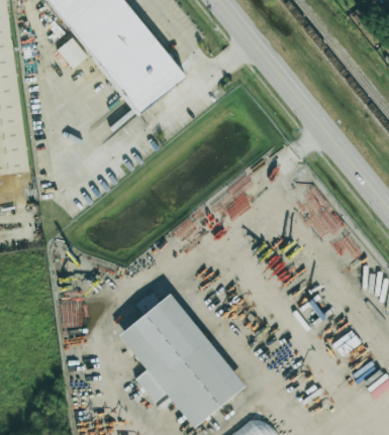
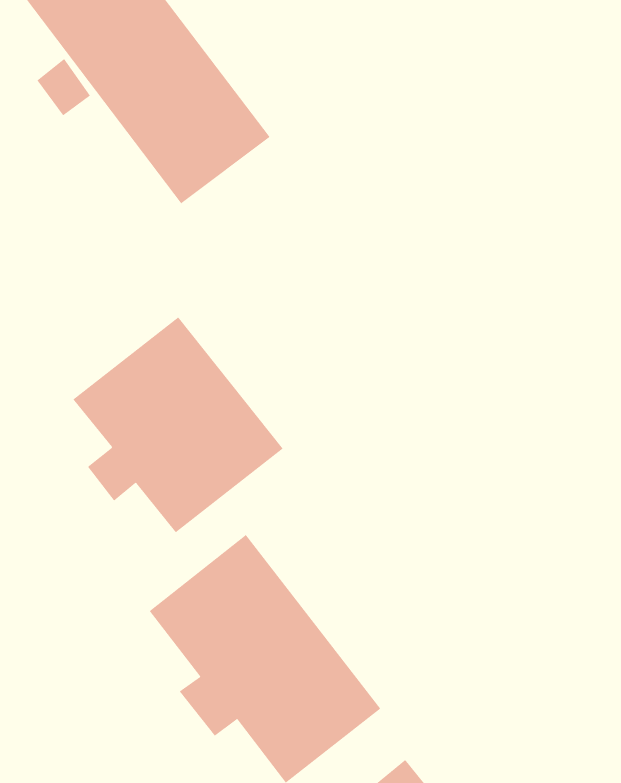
building: none -> [73,316,284,533]

